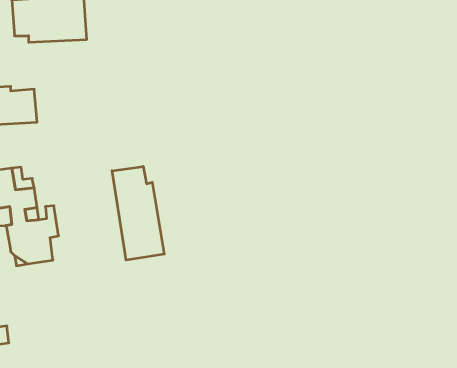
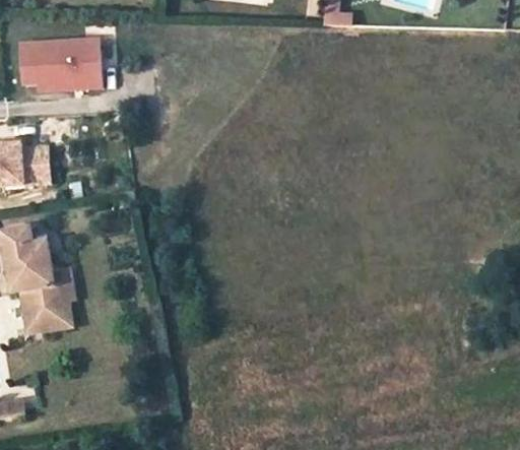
building: [112,166,164,260] -> none

